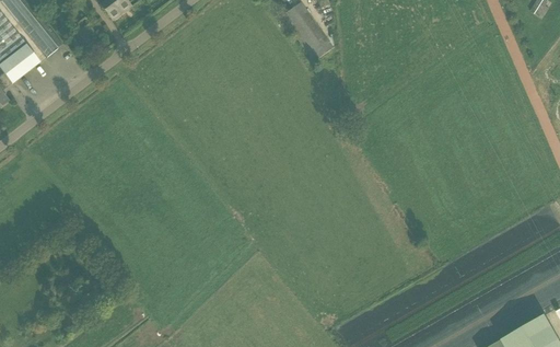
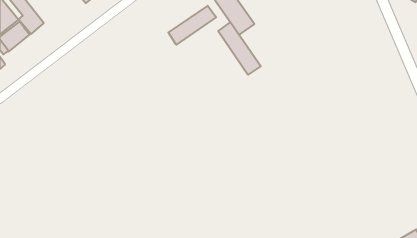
building: none -> [168,6,216,45]
building: none -> [218,22,261,75]

